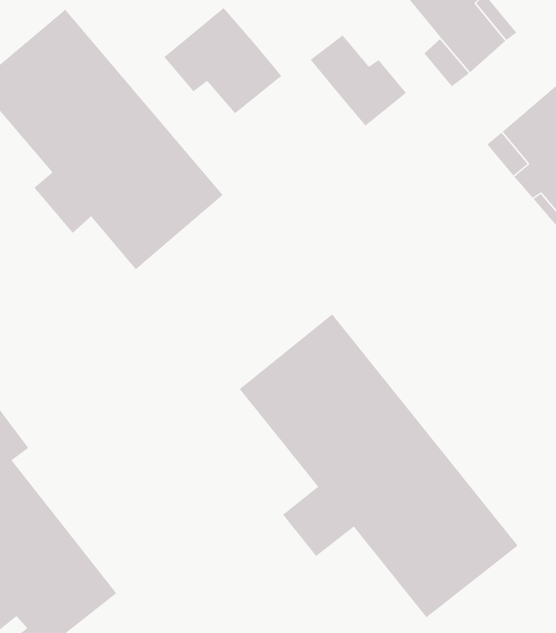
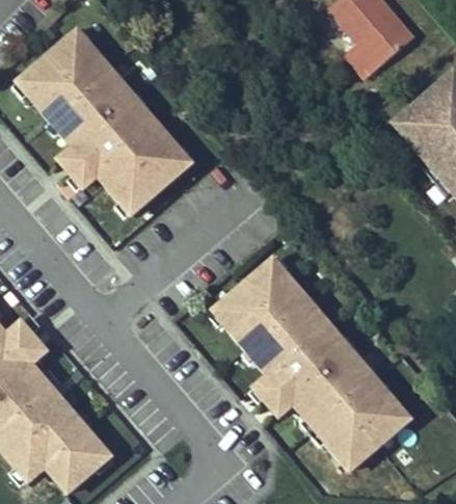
building: [164,7,282,114] -> none
building: [310,34,407,126] -> none

